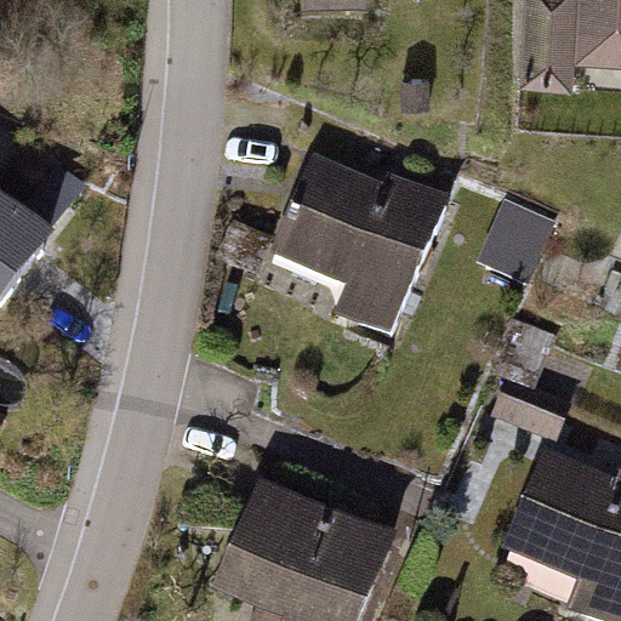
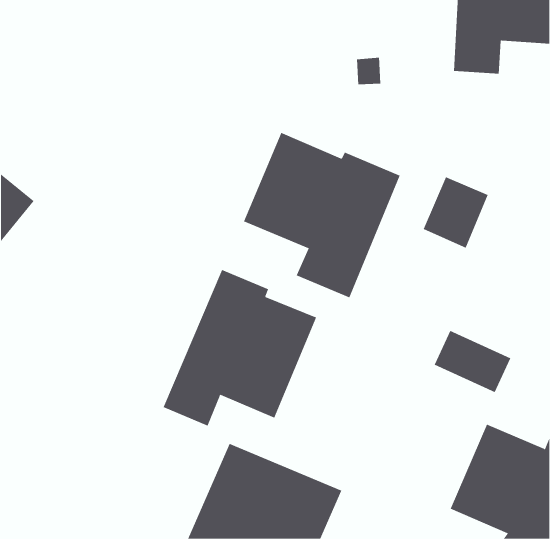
building: none -> [163,269,317,427]

